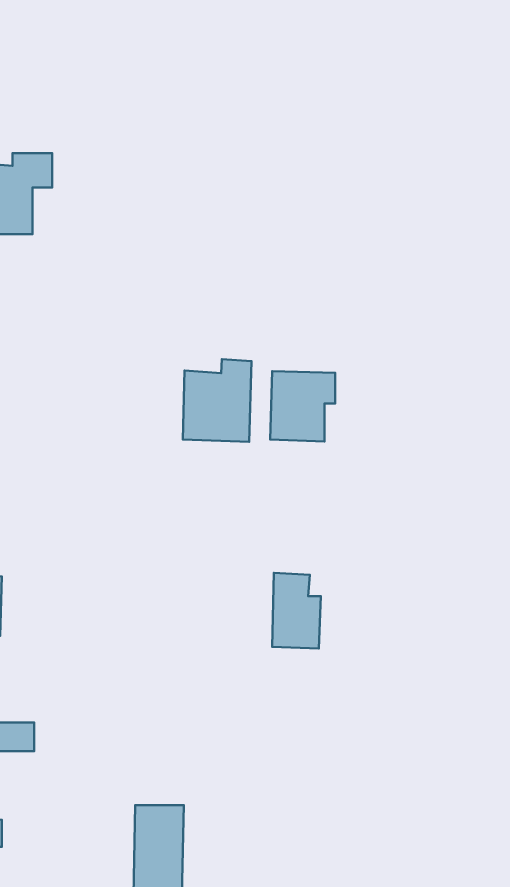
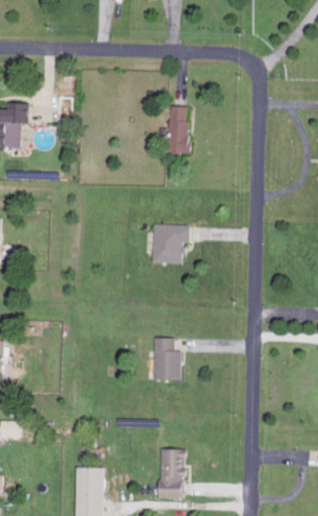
building: none -> [167,106,189,153]
building: [183,359,251,442] -> none
building: none -> [160,448,186,498]

